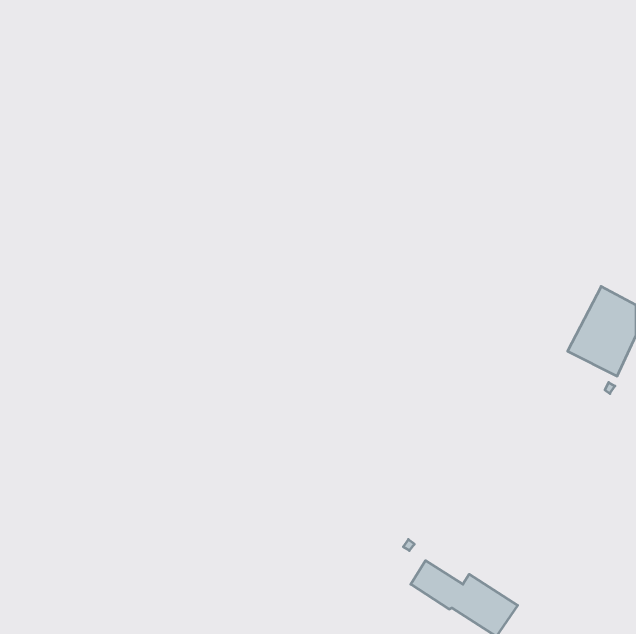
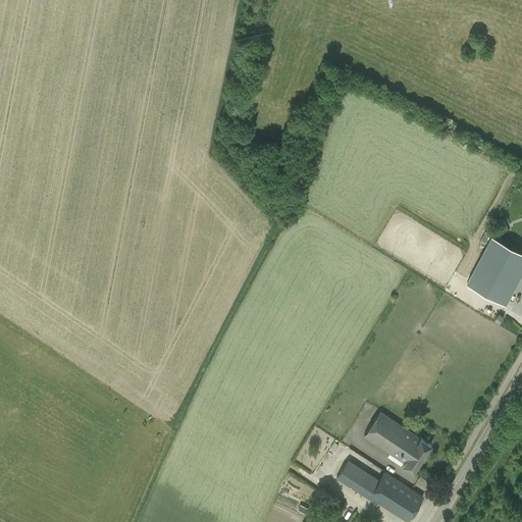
building: none -> [364,413,431,474]

